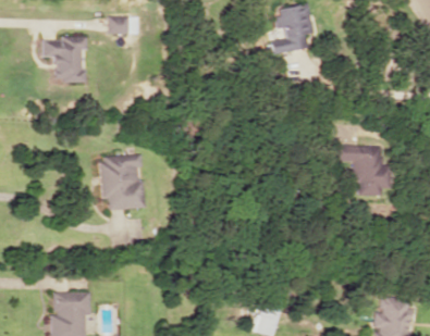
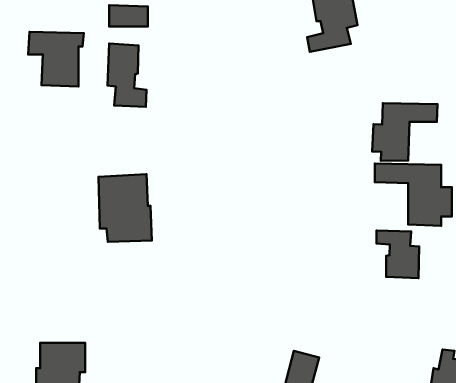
building: none -> [108,44,147,107]
building: none -> [372,103,438,161]
building: none -> [376,231,419,278]

